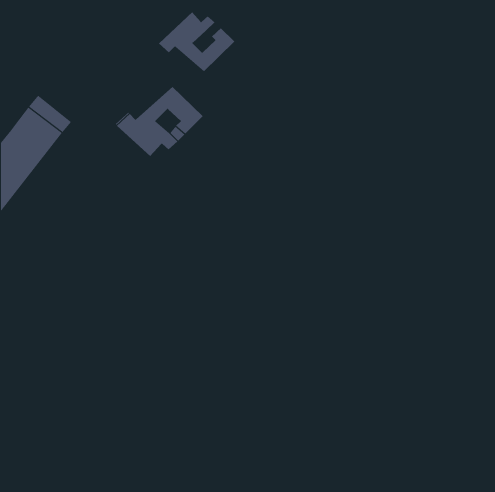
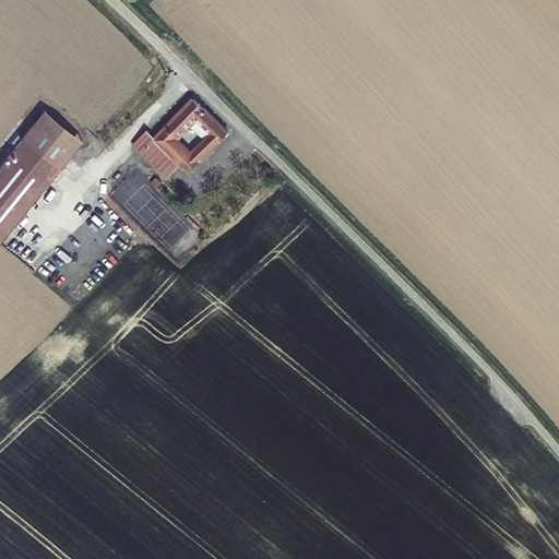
building: [158,12,235,72] -> none

